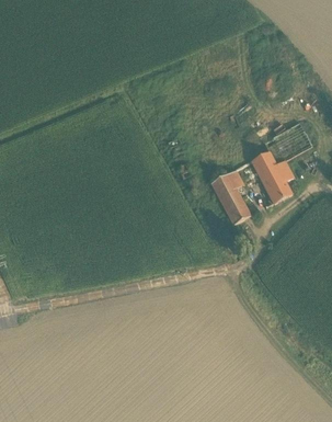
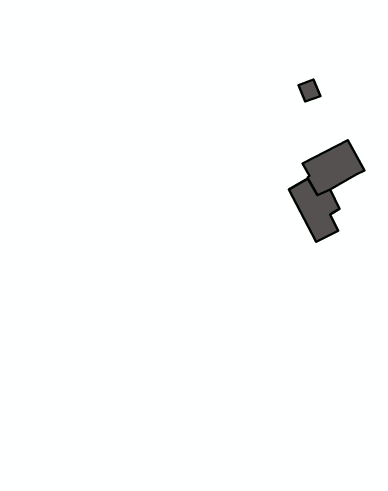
building: [211,170,251,225] -> none

